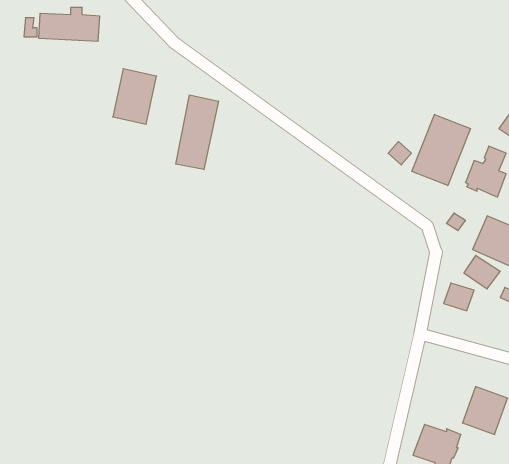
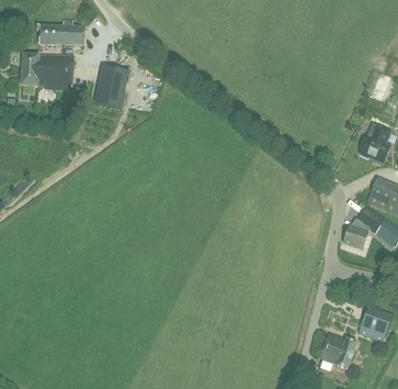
building: none -> [19,52,72,89]
building: [176,95,218,170] -> none
building: [412,114,471,186] -> none

